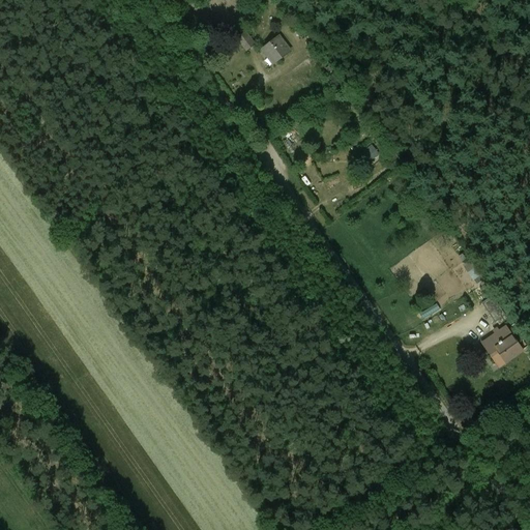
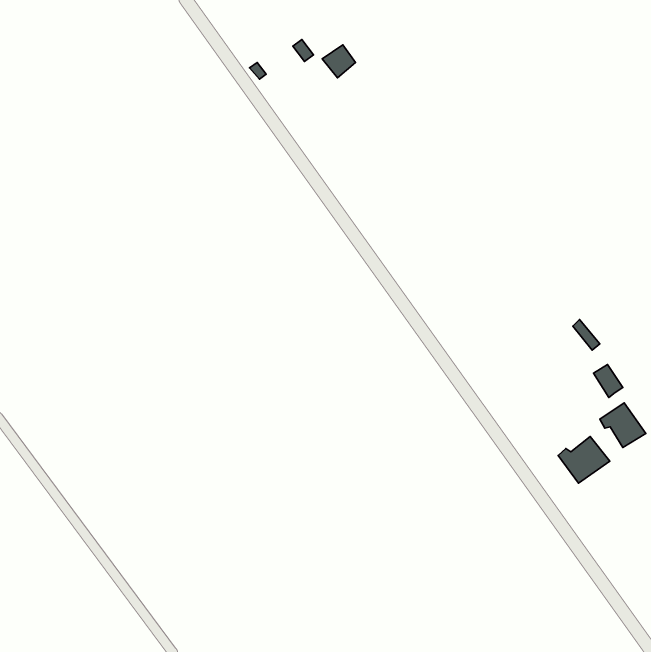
building: none -> [558,436,610,483]

